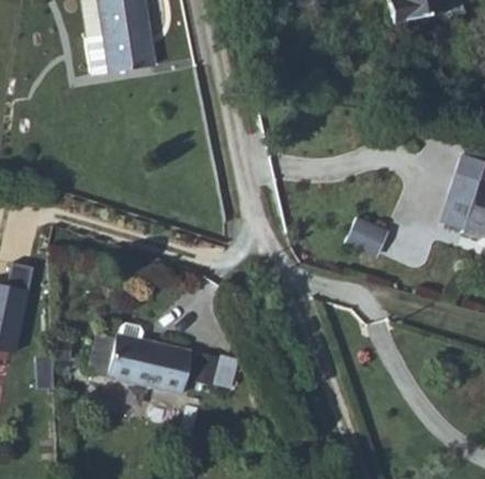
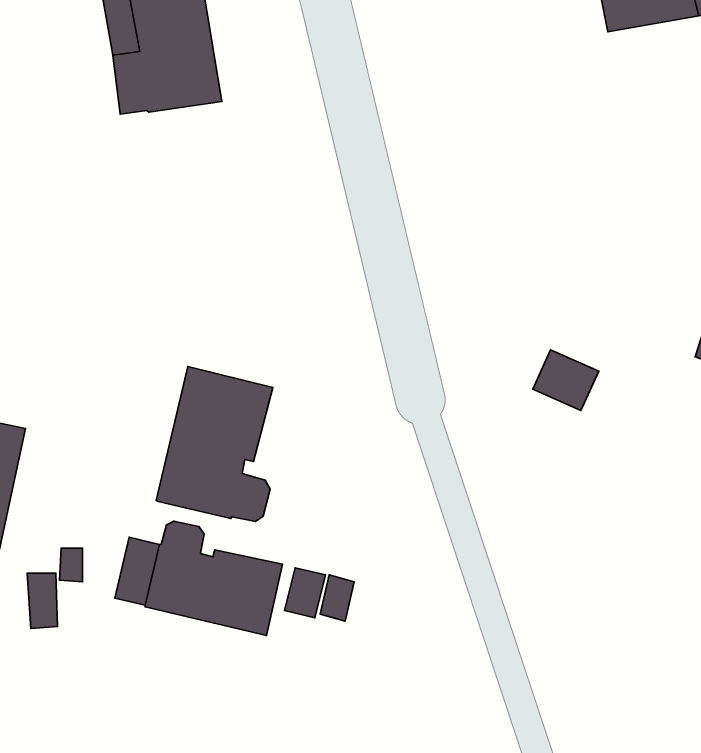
building: none -> [156,367,273,521]

